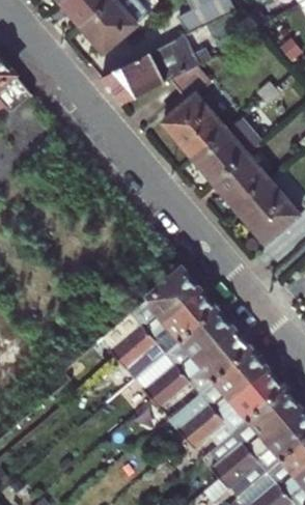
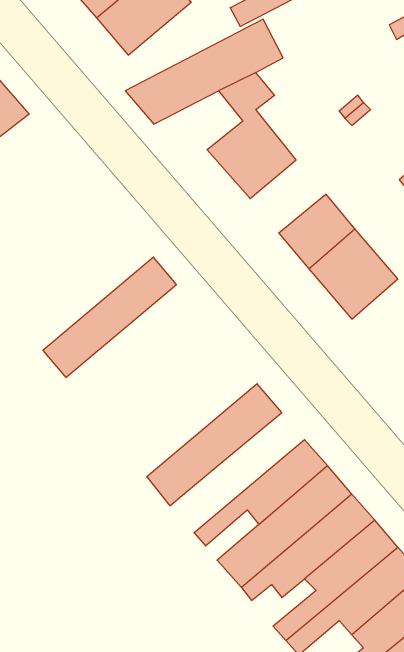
building: [192,119,258,181] -> none
building: [101,271,197,358] -> [43,257,176,378]
building: [142,311,231,398] -> none

